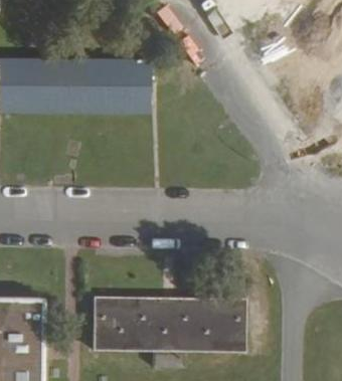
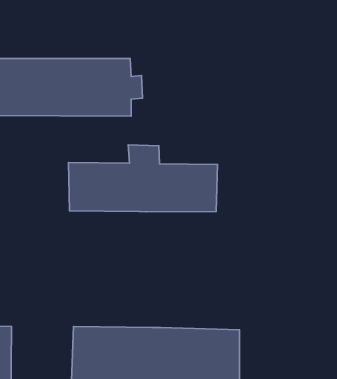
building: none -> [69,145,217,212]

